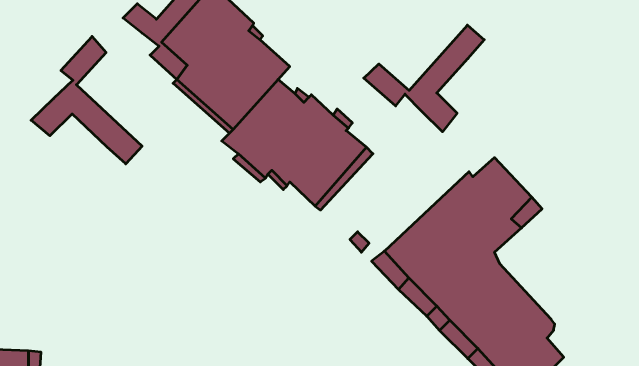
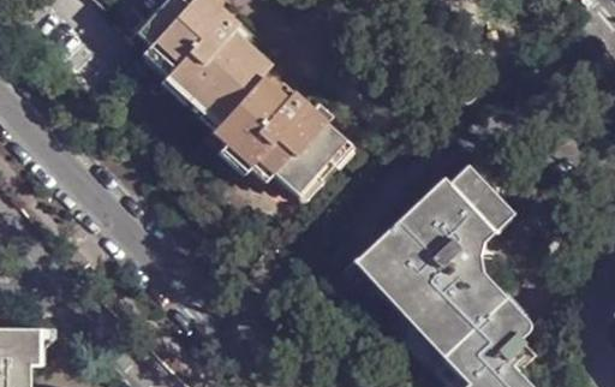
building: [364,25,484,132] -> none
building: [31,36,142,164] -> none

